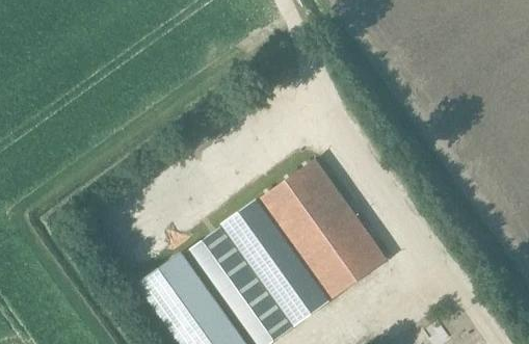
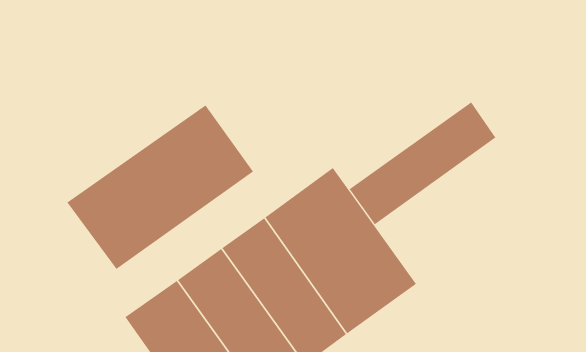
building: none -> [349,102,496,225]
building: none -> [67,105,254,270]

